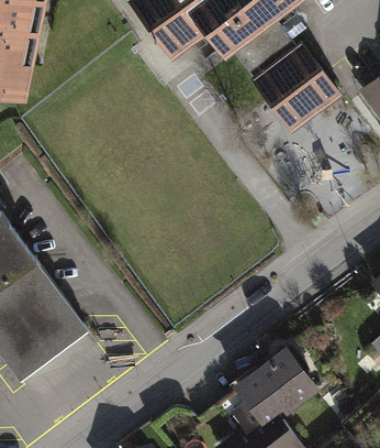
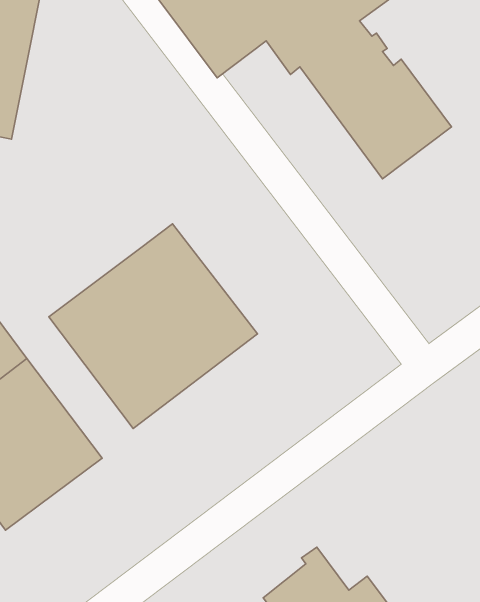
building: none -> [49,224,257,429]
building: [237,350,315,425] -> none

